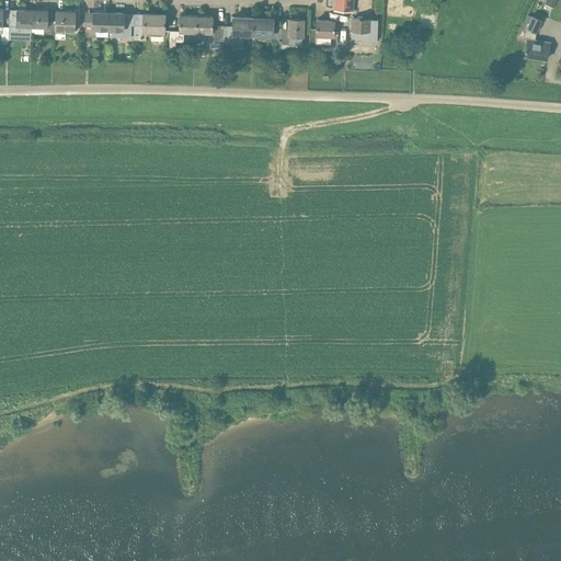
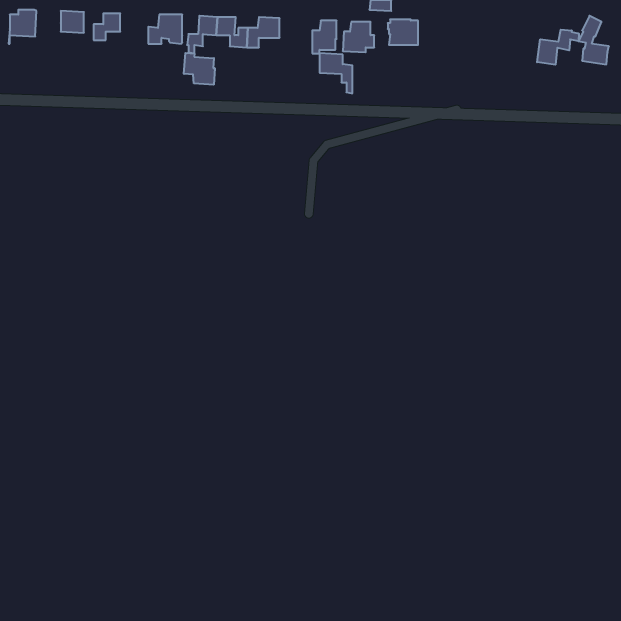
building: [32,10,55,34] -> none
building: [107,12,131,36] -> none
building: [252,16,282,53] -> [320,53,352,93]
building: none -> [537,30,579,65]
building: none -> [184,53,215,85]

